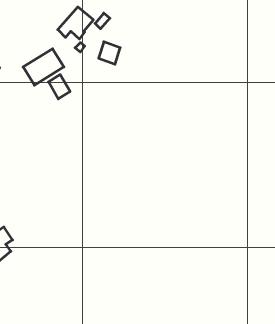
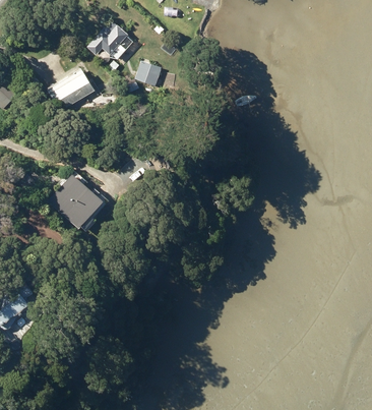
building: [48,75,70,99] -> none
building: none -> [49,172,104,226]

